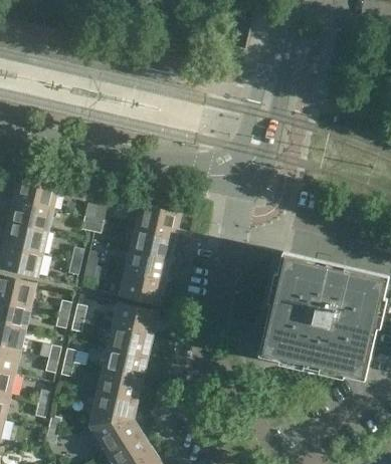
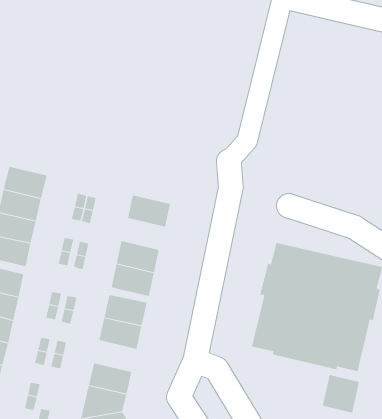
building: [131,228,175,259] -> none
building: [104,349,147,380] -> none
building: none -> [322,374,360,413]

